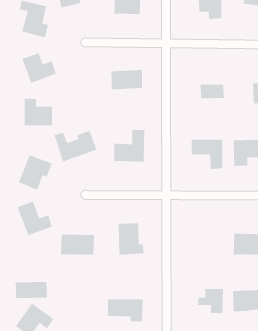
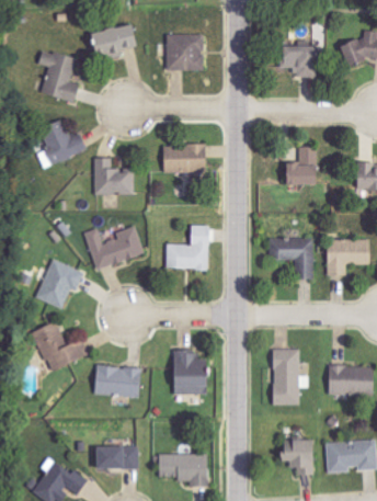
building: [24,98,53,126] -> [94,157,134,195]
building: none -> [271,349,300,406]
building: [15,281,48,299] -> [93,445,138,469]

